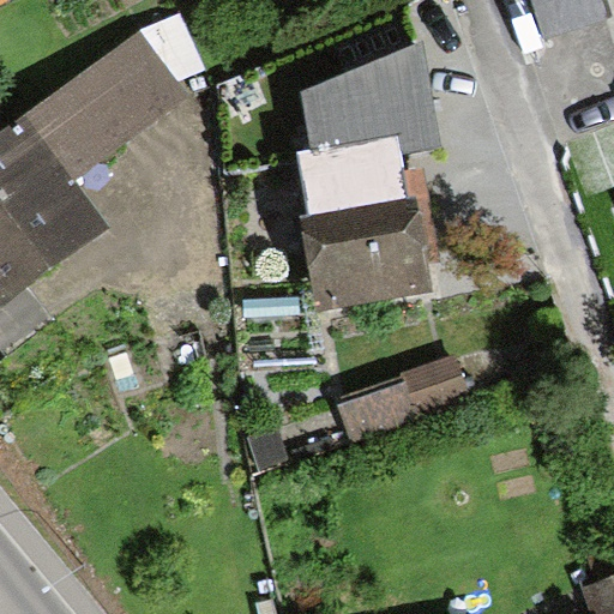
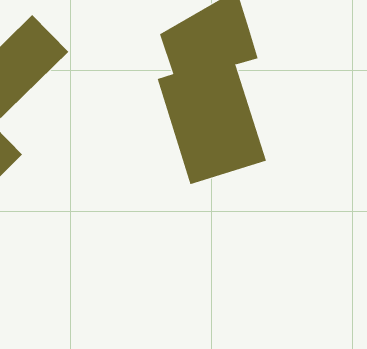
building: [338,354,466,439] -> none

